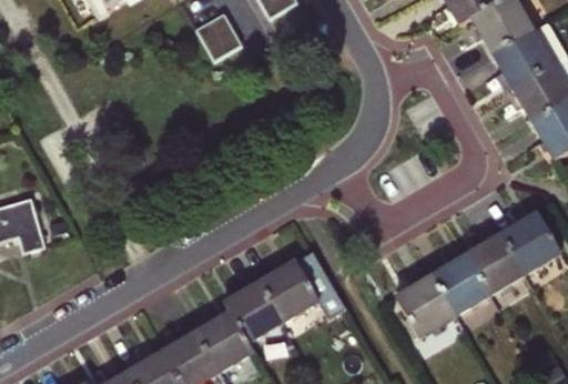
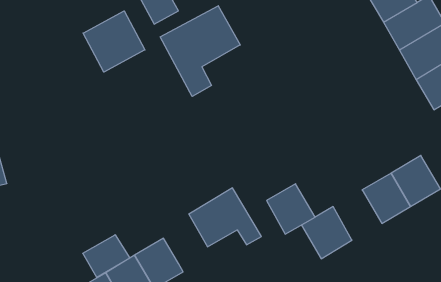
building: none -> [160,6,240,96]
building: none -> [83,11,145,72]
building: [432,254,489,314] -> [267,184,315,234]
building: [224,283,282,342] -> none
building: none -> [83,235,130,277]

